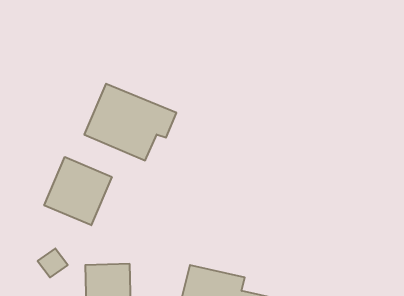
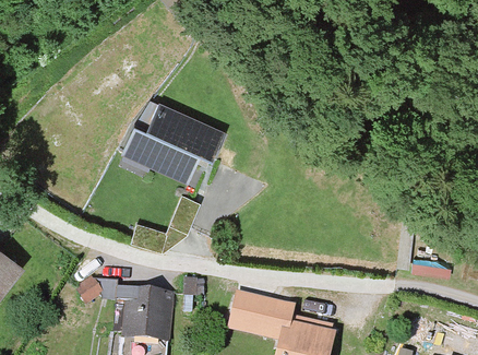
building: [44,157,112,225] -> none

